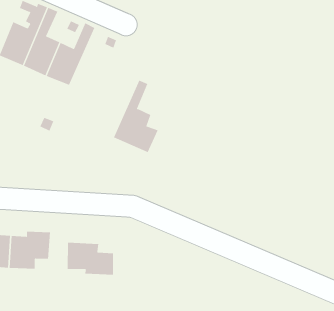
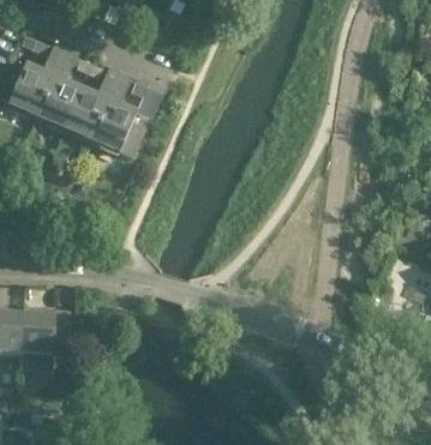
building: [113,80,158,153] -> [88,72,140,157]
building: [67,242,114,275] -> none

